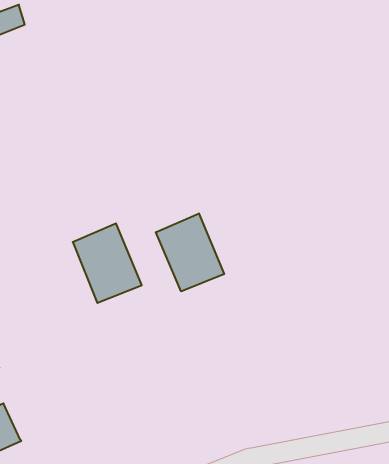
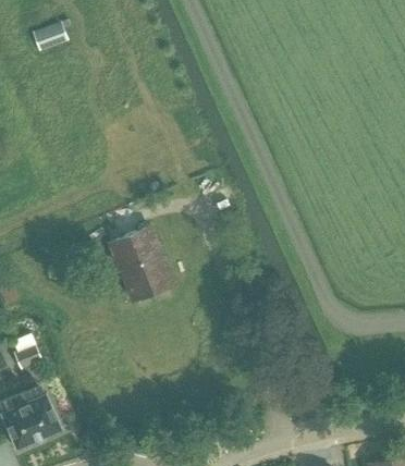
building: [156,213,224,291] -> none

